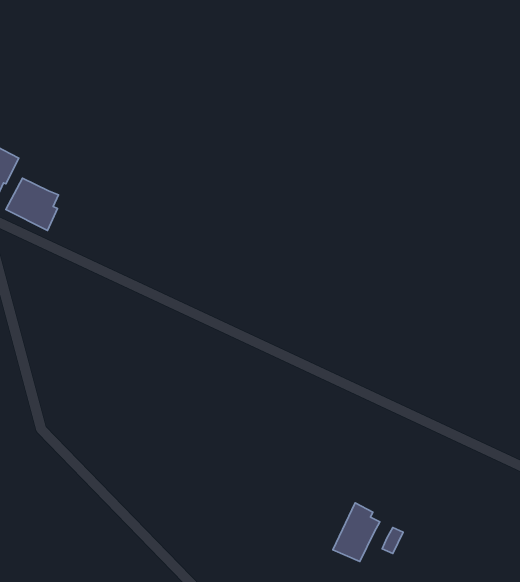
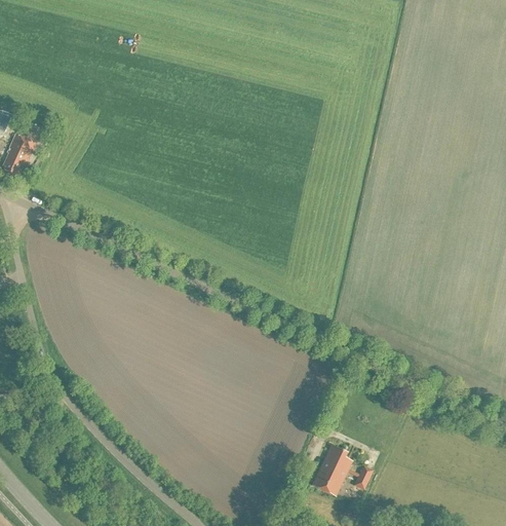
building: [6,178,59,230] -> none

